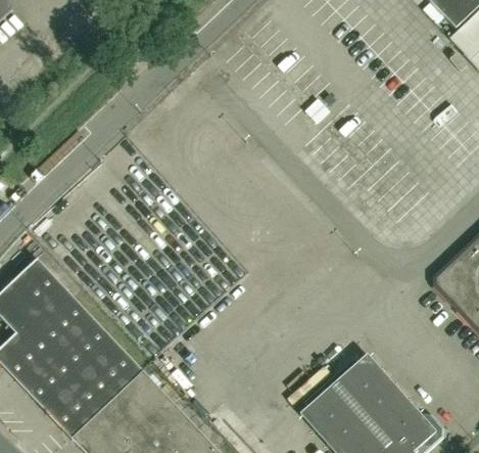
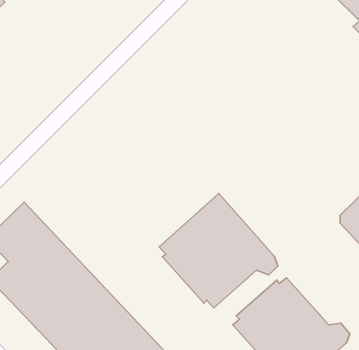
building: none -> [159,194,278,308]

